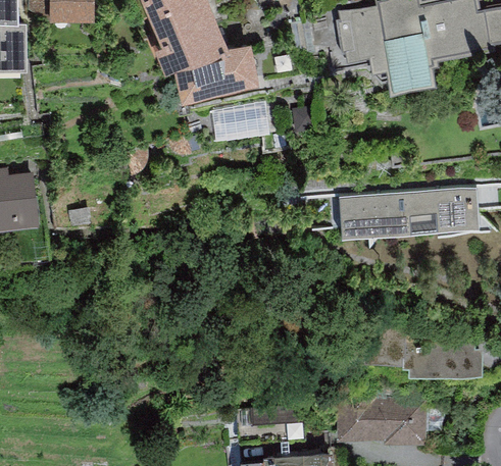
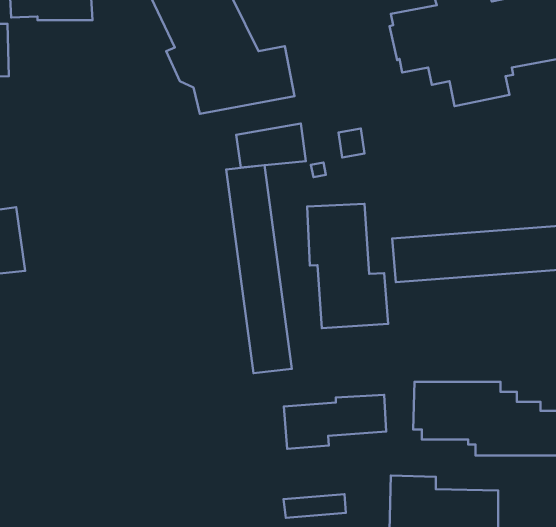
building: none -> [226,165,292,373]
building: none -> [307,204,388,328]
building: none -> [284,395,386,449]

